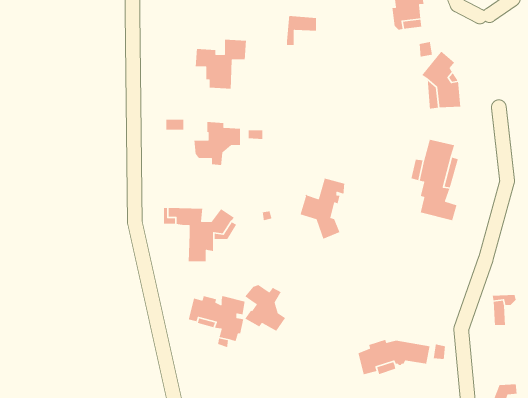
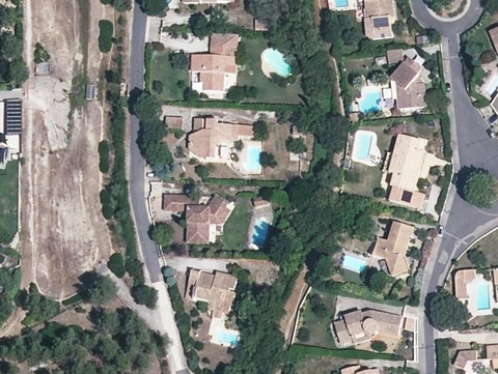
building: [286,15,317,46] -> [211,32,238,59]
building: [299,177,345,240] -> [371,221,412,276]
building: [244,284,286,332] -> none

